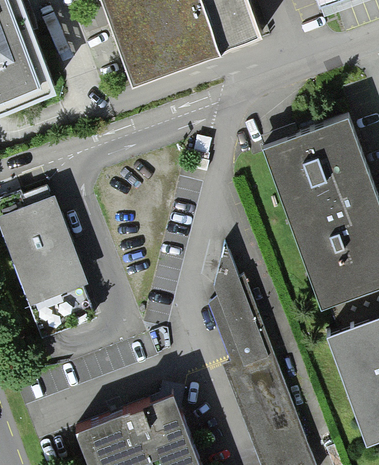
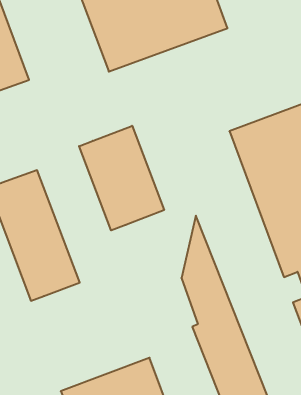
building: none -> [79,126,164,230]

